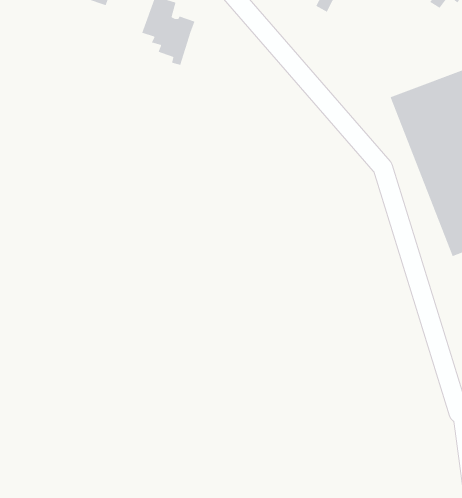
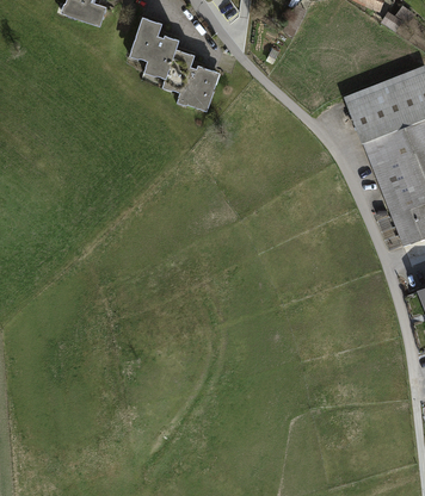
building: none -> [164,48,216,111]

